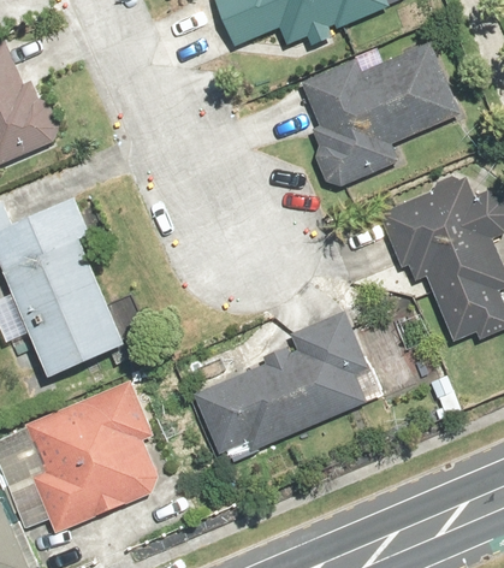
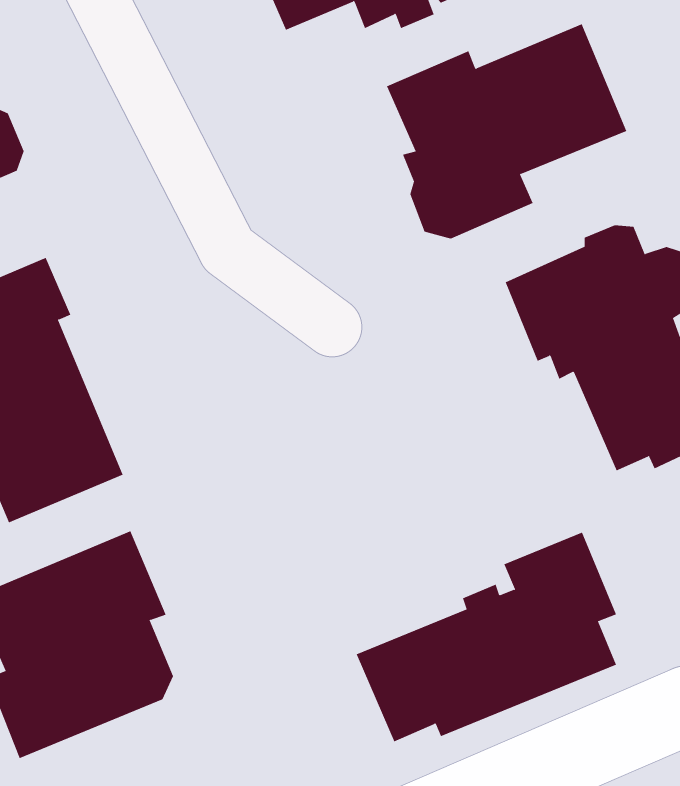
building: [192,313,367,454] -> [356,532,617,742]

